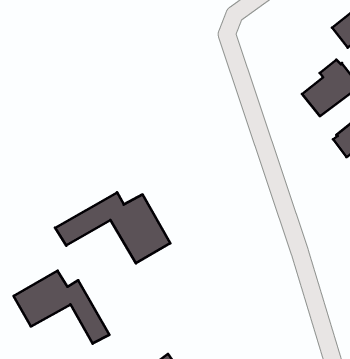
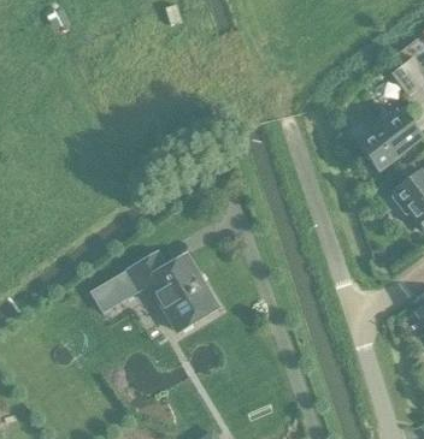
building: [14,271,109,344] -> none

